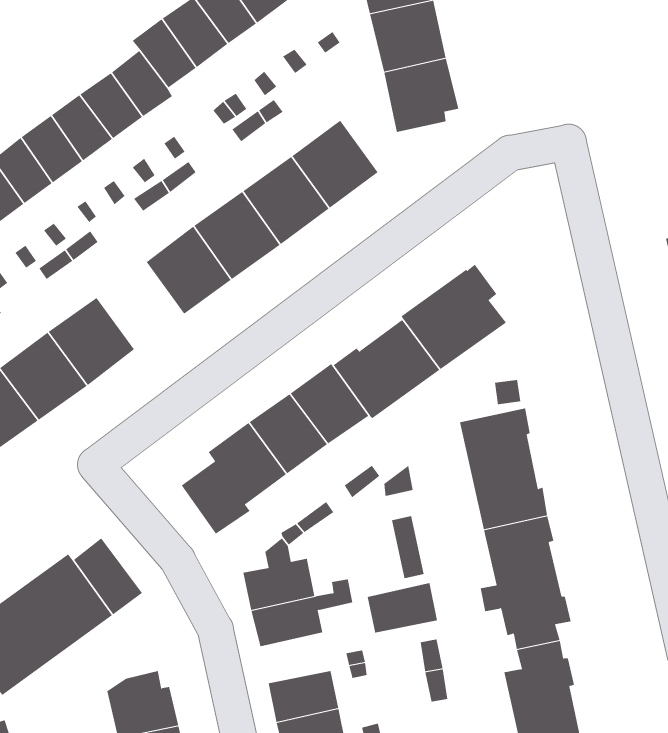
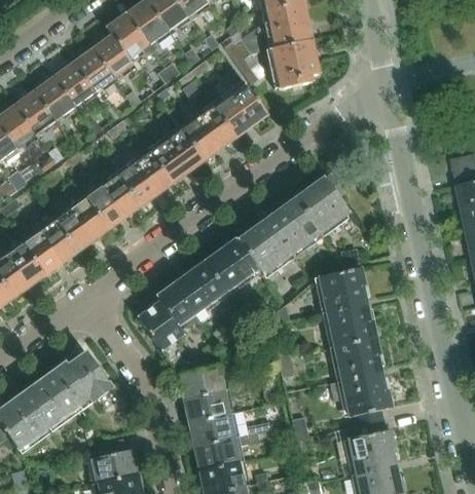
building: none -> [224,39,261,84]
building: none -> [82,173,139,229]
building: [367,583,438,633] -> [188,413,234,446]

